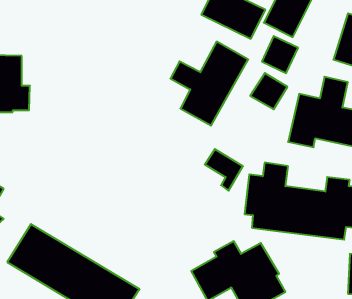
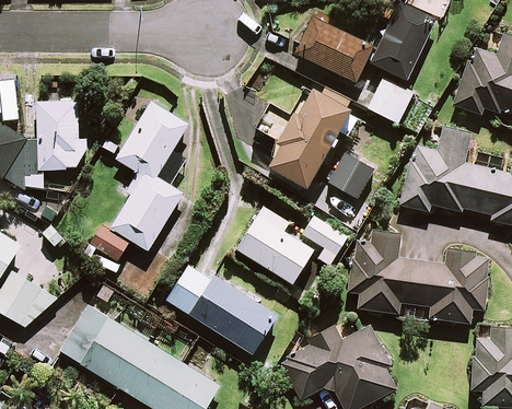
building: none -> [90,102,187,260]
building: [250,73,287,109] -> [328,153,373,197]
building: none -> [237,207,314,283]
building: none -> [168,268,276,352]

